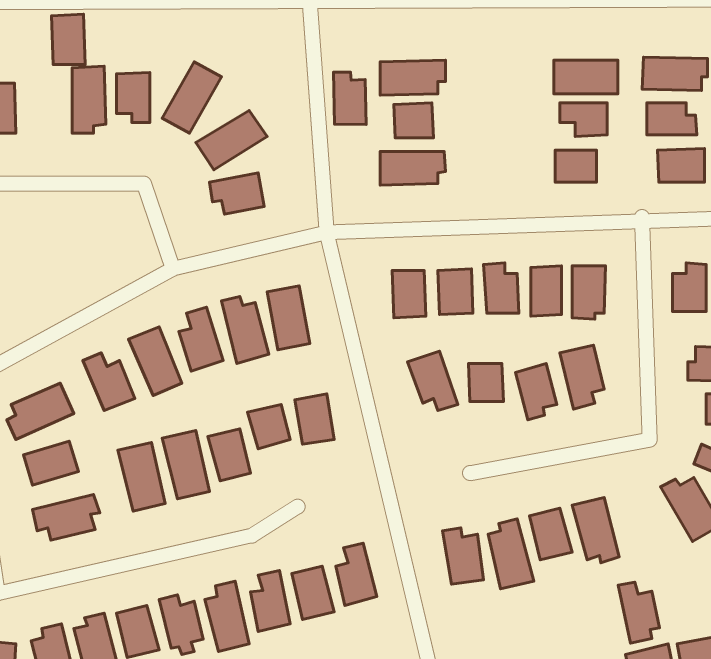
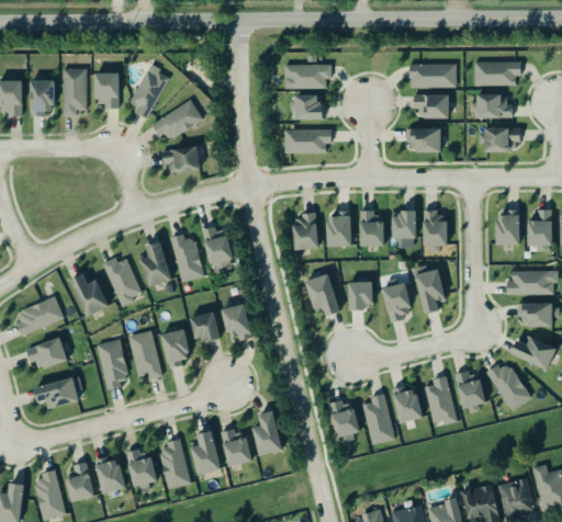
building: [52,14,85,64] -> [30,80,54,116]
building: [333,72,366,125] -> none
building: [618,582,659,643] -> [456,371,485,415]

